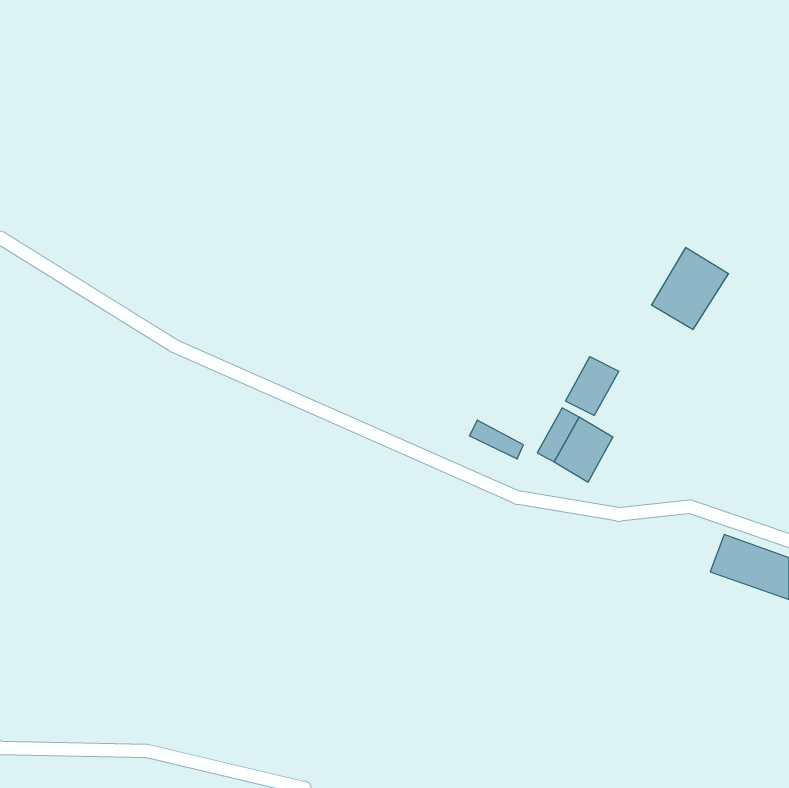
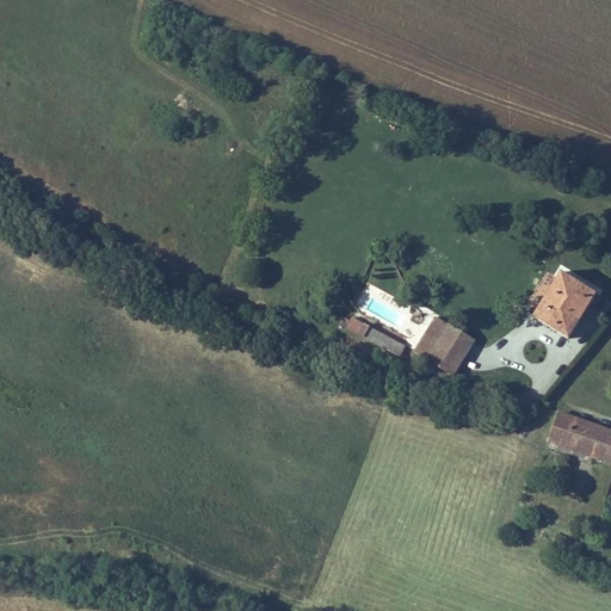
building: [651,248,729,329] -> [535,271,594,334]
building: [565,357,619,416] -> none

